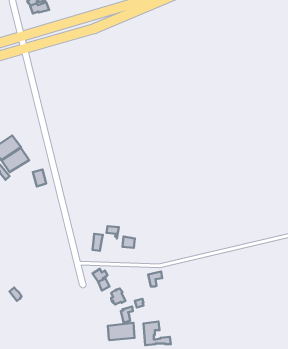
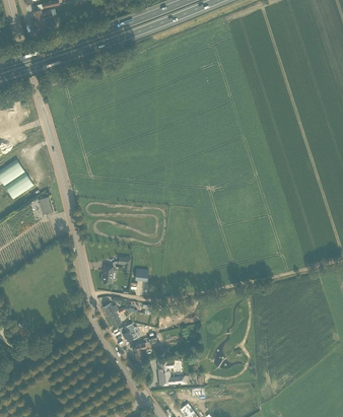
building: [108,323,134,340] -> none

